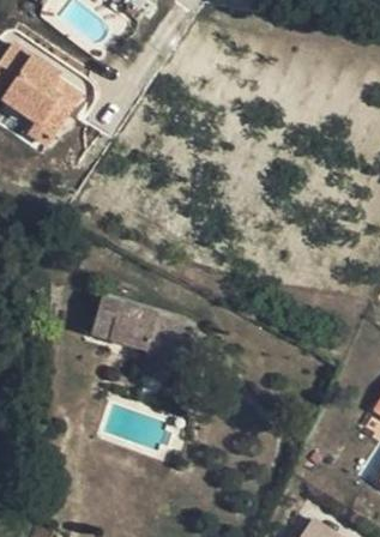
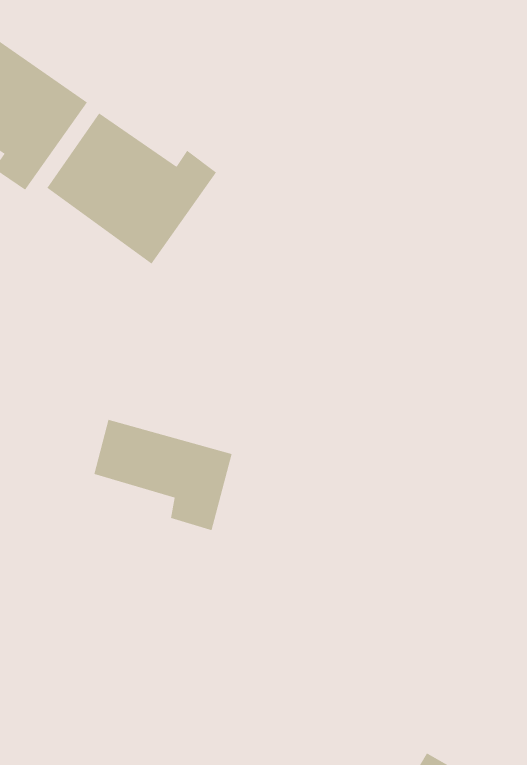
building: none -> [46,113,217,264]

